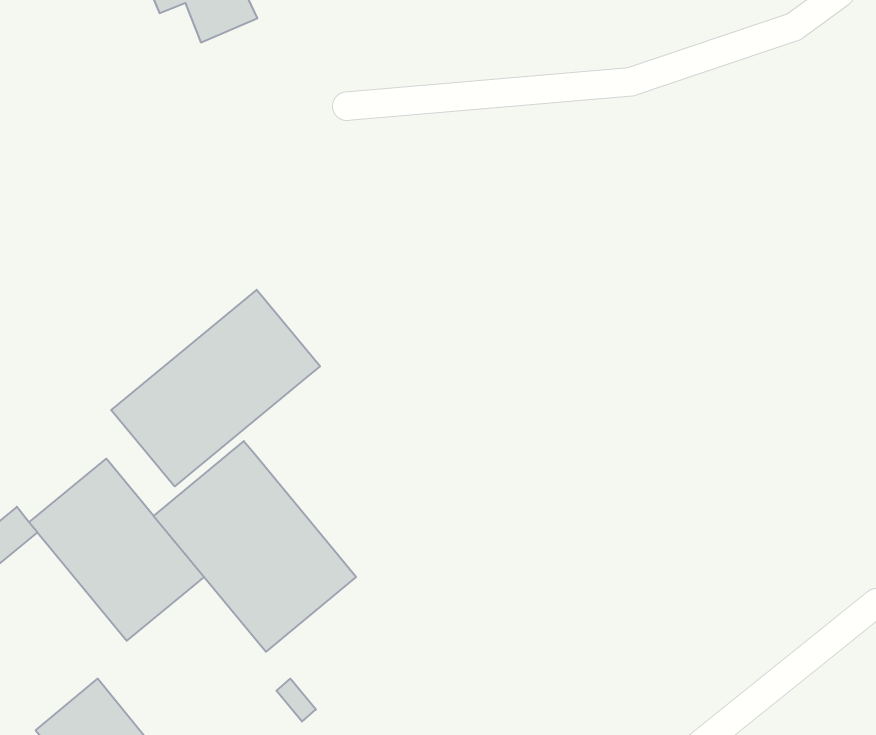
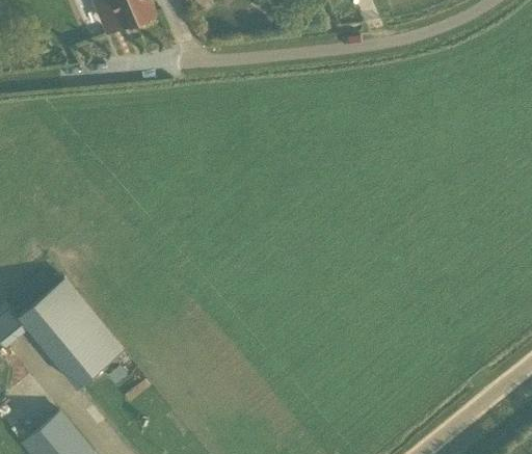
building: [111,290,320,486] -> none
building: [154,441,356,652] -> none

